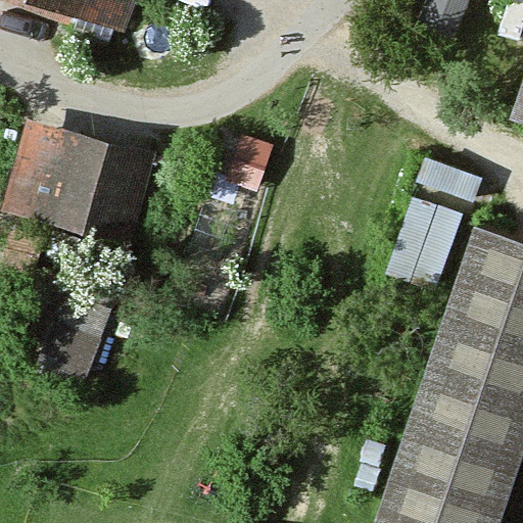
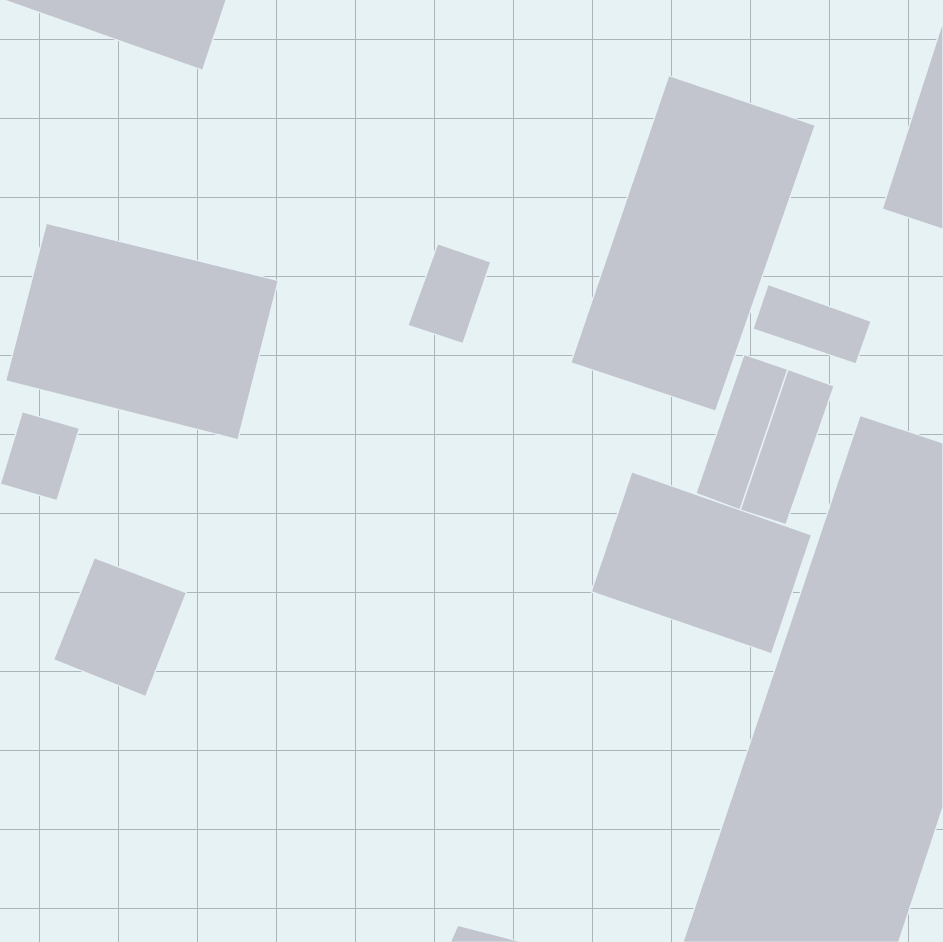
building: none -> [571,76,815,411]
building: none -> [591,472,812,654]

